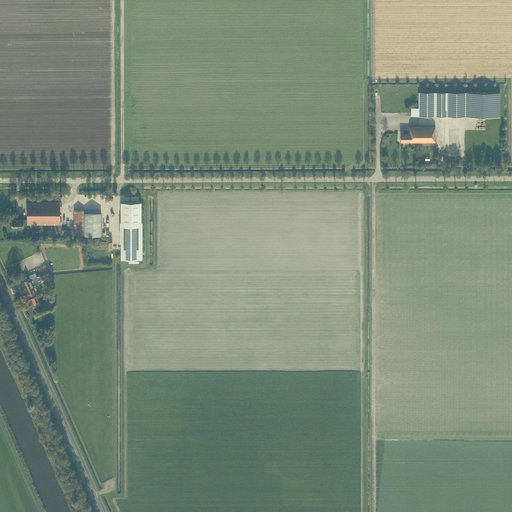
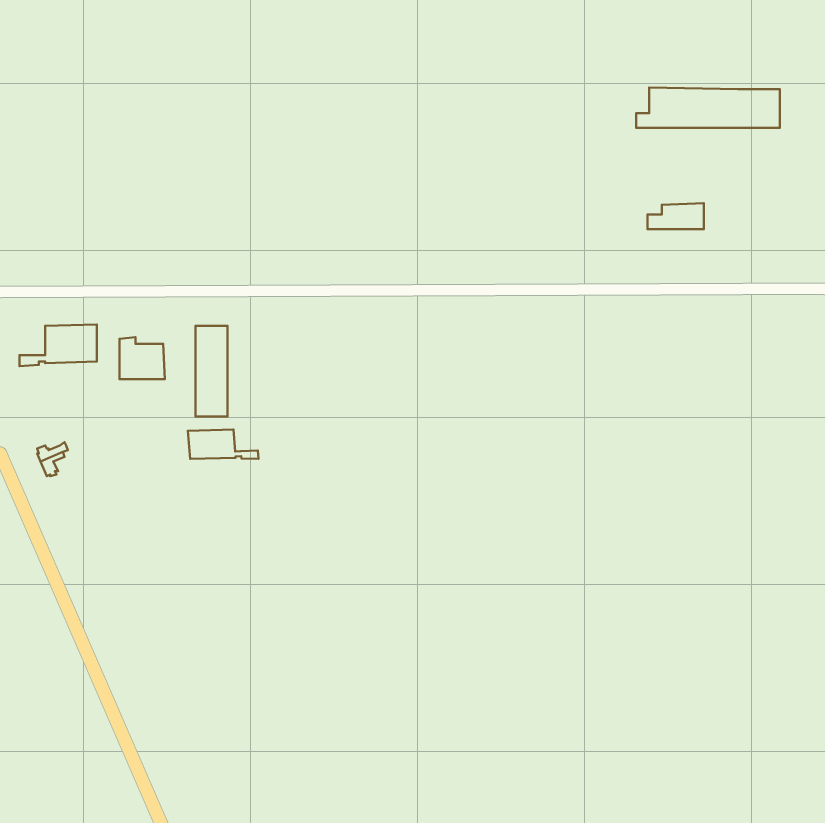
building: [411,92,500,117] -> [636,87,780,128]
building: none -> [188,430,259,459]

